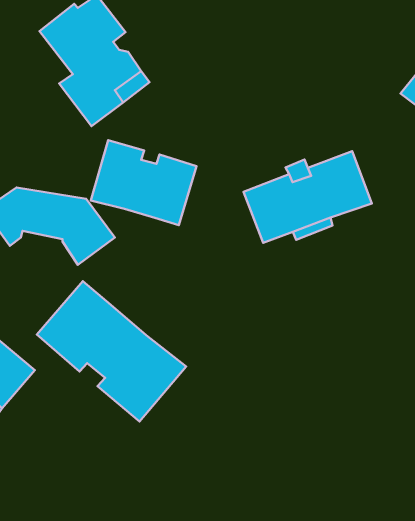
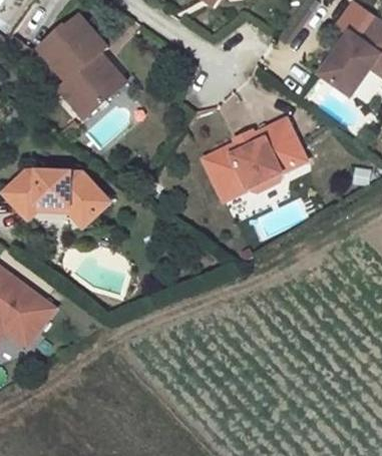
building: [91,140,196,225] -> none
building: [37,281,186,421] -> none

